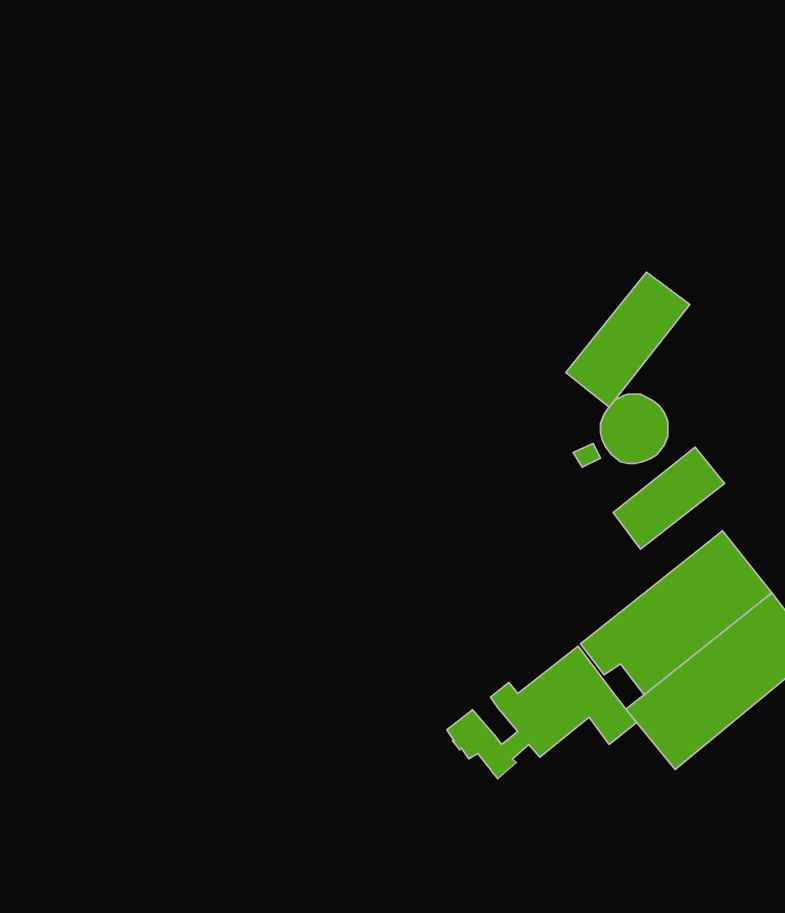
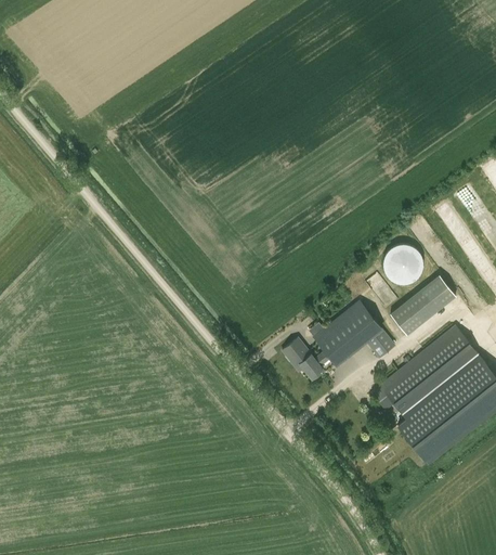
building: [566,272,690,407] -> none
building: [447,646,636,779] -> [282,300,394,379]

